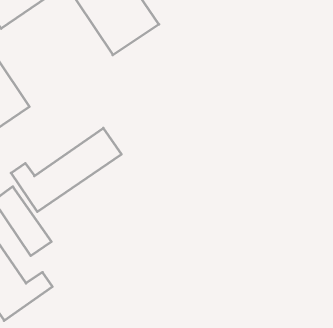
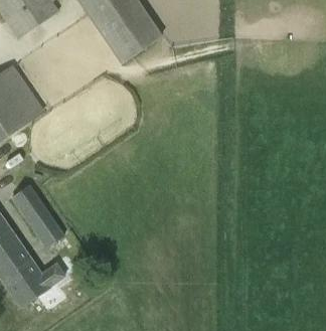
building: [11,128,121,212] -> none

